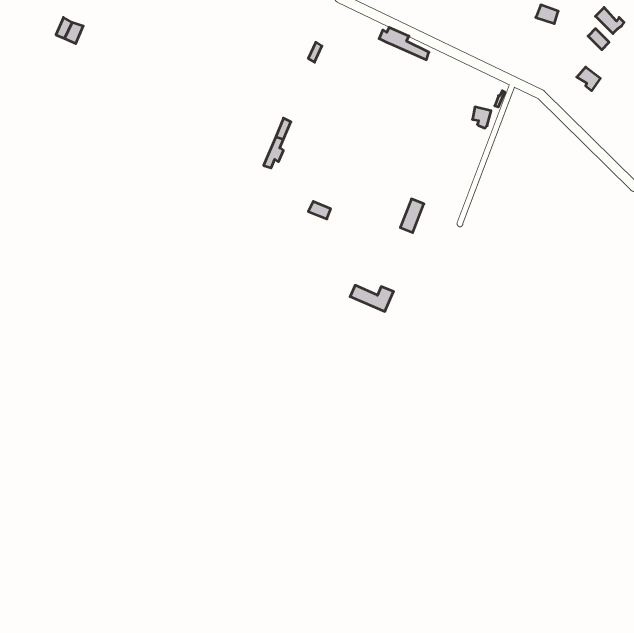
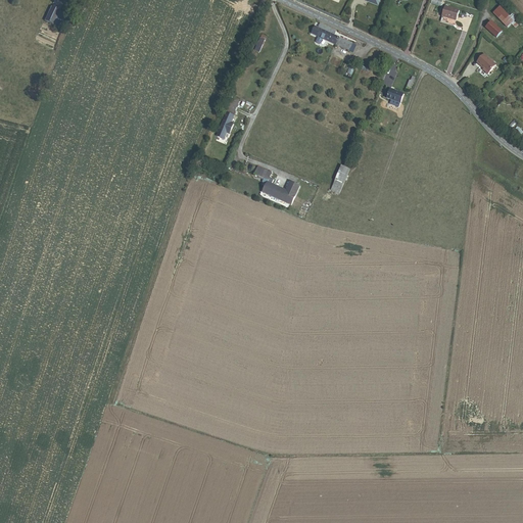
building: [350,285,394,311] -> [264,182,299,203]

